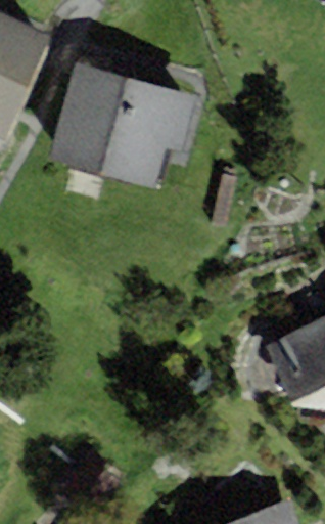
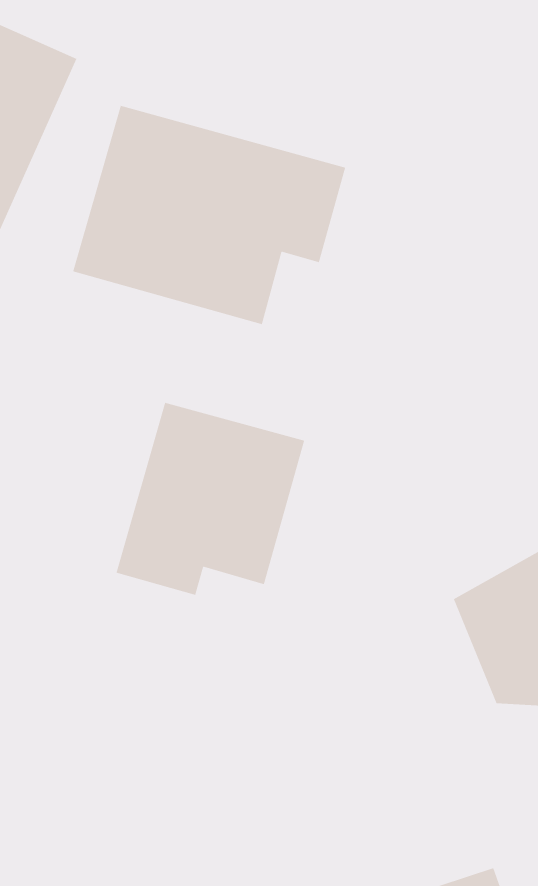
building: none -> [116,402,305,596]

